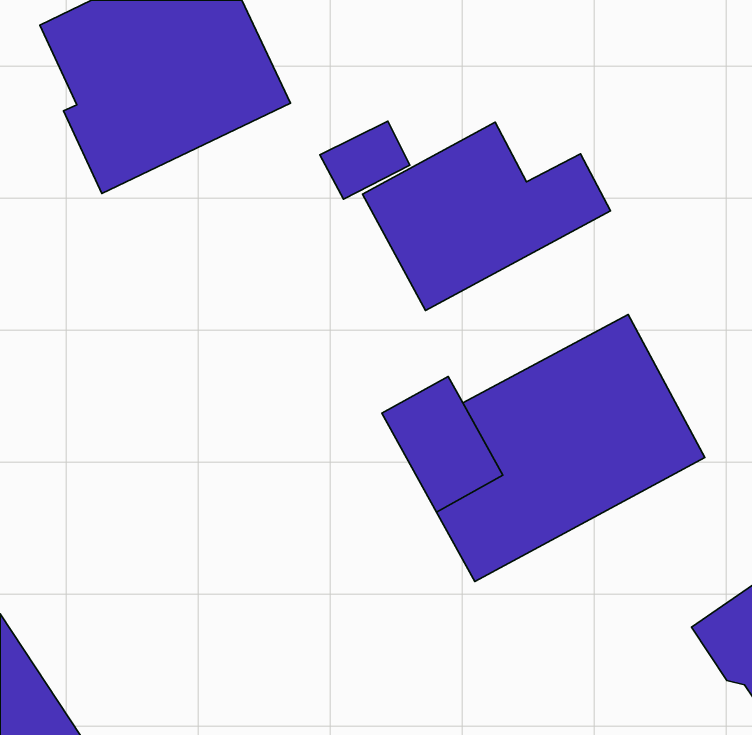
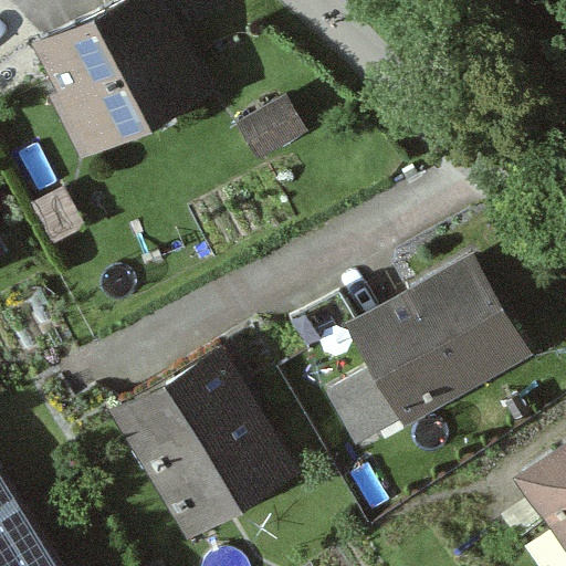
building: [363,122,610,311] -> none
building: none -> [111,346,300,541]

